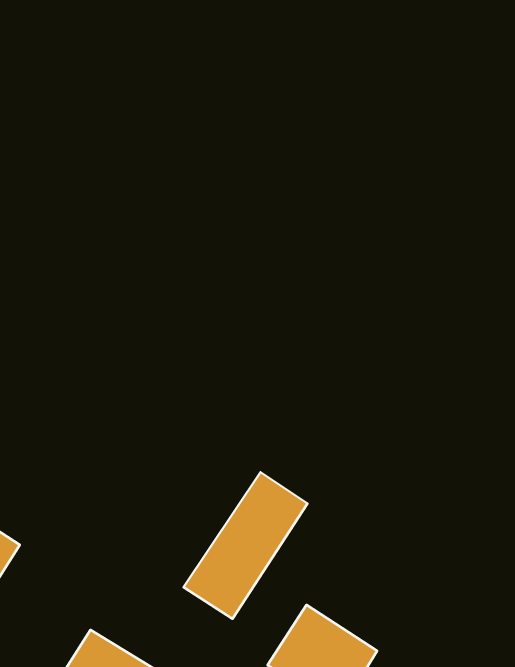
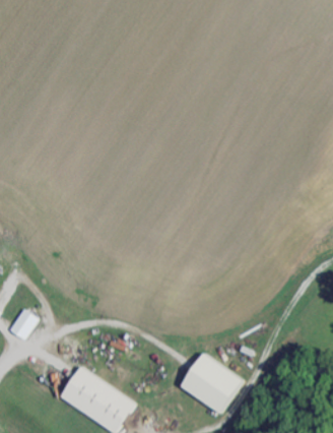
building: [183,472,307,619] -> none

